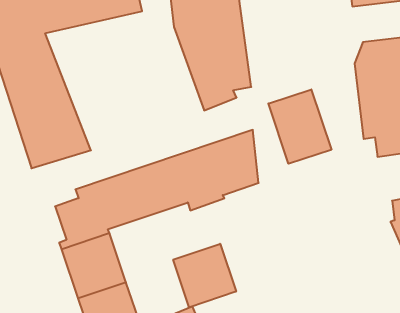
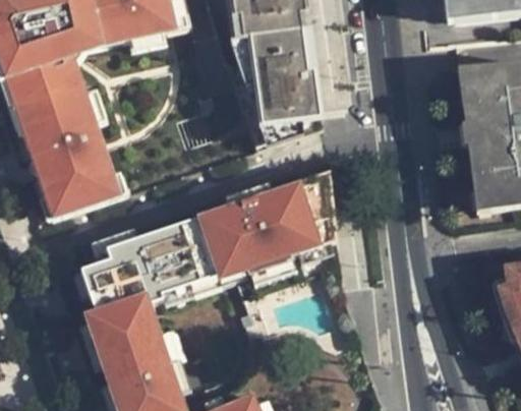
building: [268,89,331,164] -> none
building: [173,244,236,308] -> none

